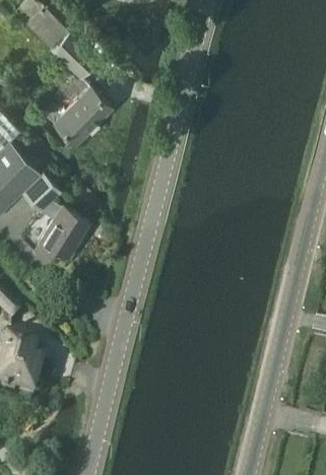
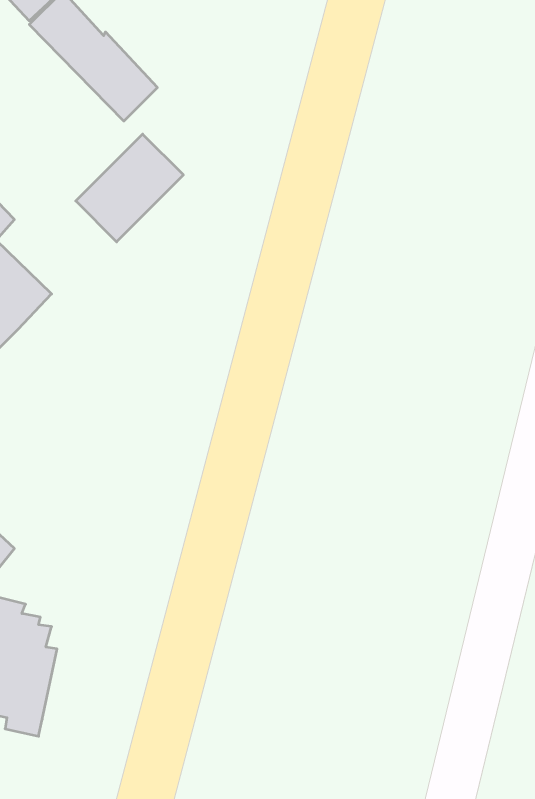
building: [21,169,89,263] -> none

